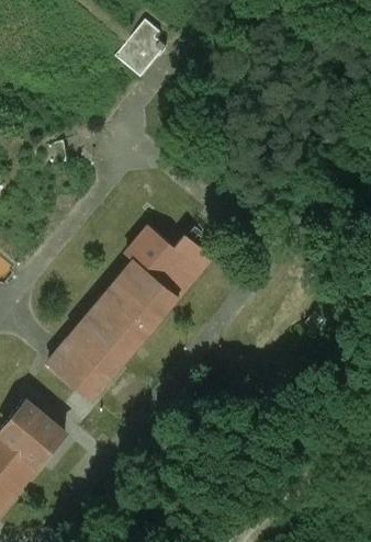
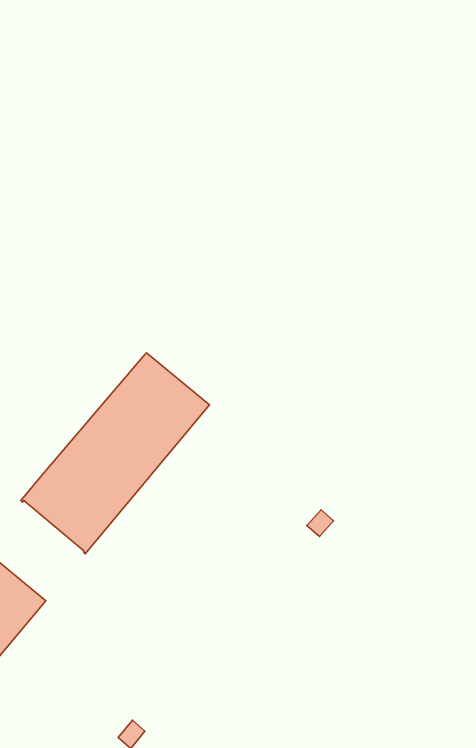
building: [113,19,165,77] -> none
building: [125,226,211,296] -> none

